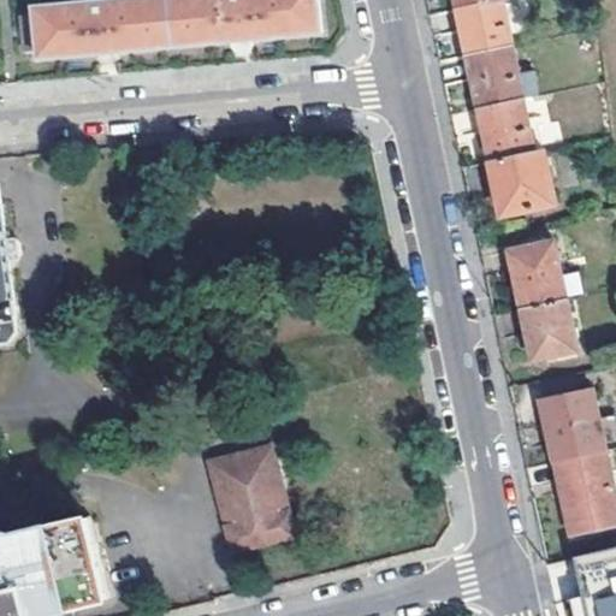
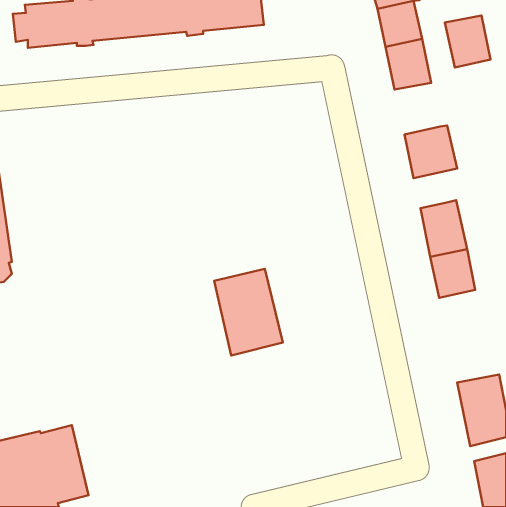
building: [476,100,532,162] -> [445,16,491,67]
building: [538,389,603,462] -> none
building: [211,444,294,549] -> [214,269,283,356]

